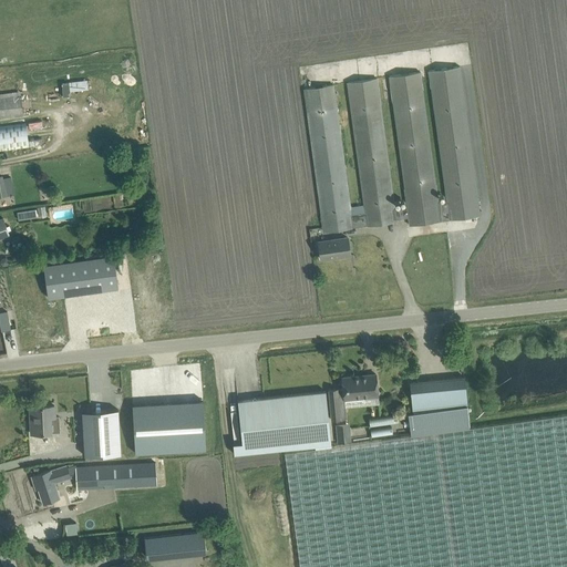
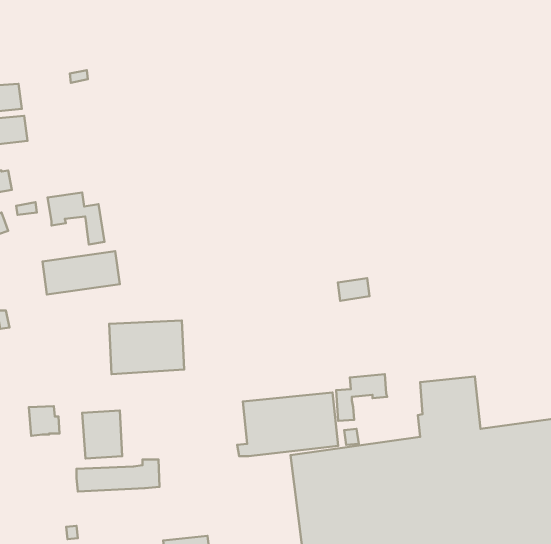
building: [303,66,481,233] -> none
building: none -> [48,193,104,245]
building: [319,238,350,260] -> [338,278,370,301]
building: [133,402,206,454] -> [109,321,184,374]
building: [31,466,71,504] -> none

